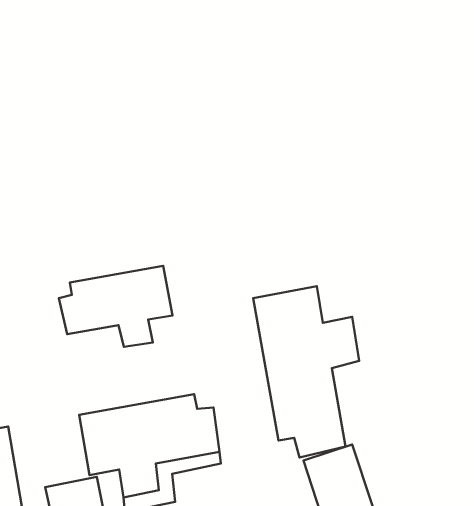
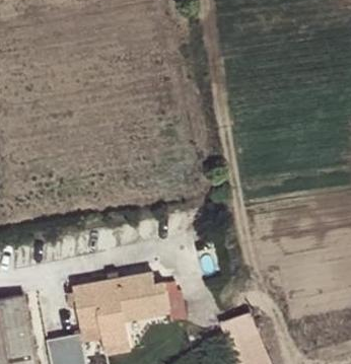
building: [59,266,172,347] -> none
building: [253,286,359,457] -> none

